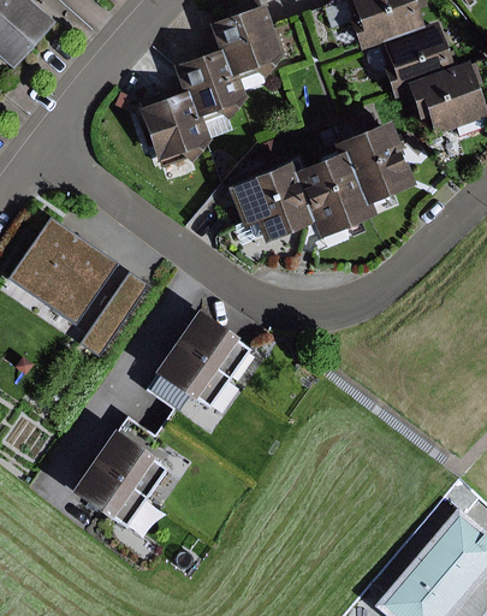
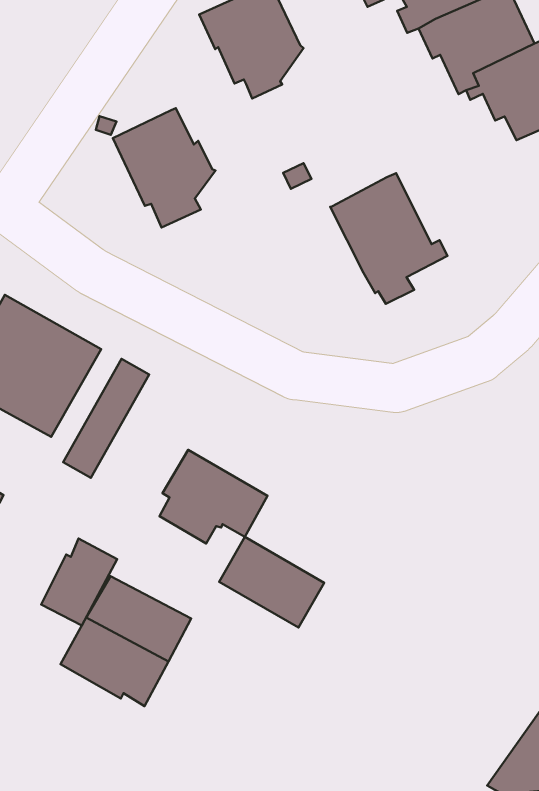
building: [174,48,249,137] -> none
building: [333,120,417,206] -> none
building: [228,161,315,243] -> none
building: [176,310,253,380] -> [219,537,324,628]
building: none -> [41,539,117,625]

